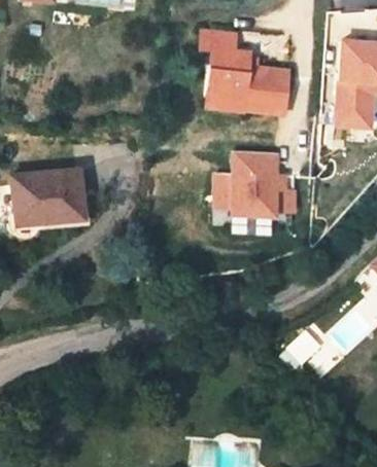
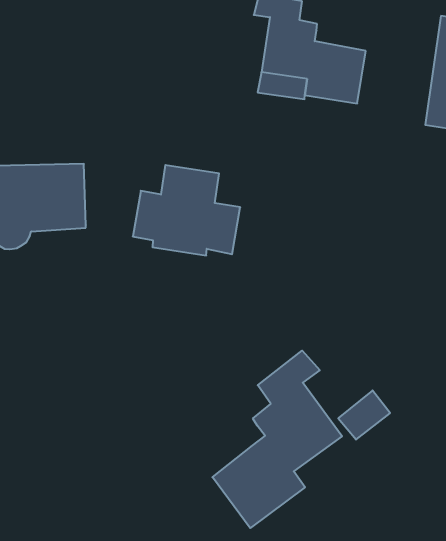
building: [213,149,294,216] -> [133,165,240,255]
building: none -> [212,351,342,528]

